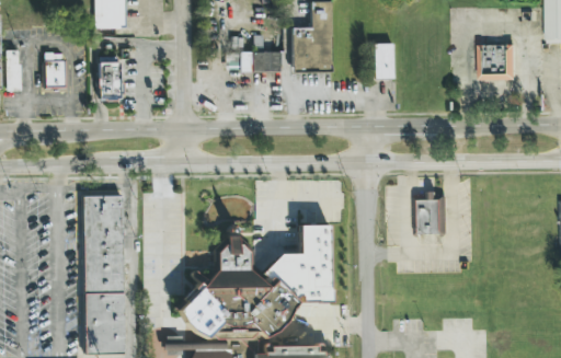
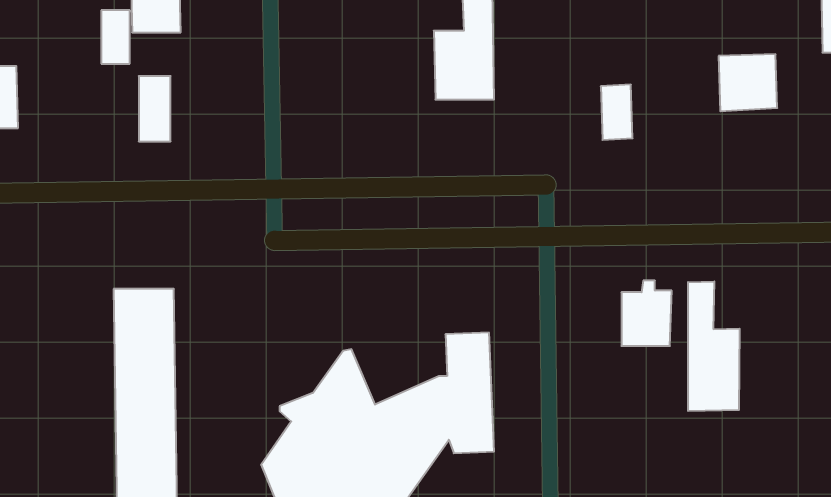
building: [374,43,394,79] -> [601,85,633,140]
building: [226,51,280,71] -> none
building: [46,53,65,88] -> [101,10,130,64]
building: none -> [688,281,740,411]

